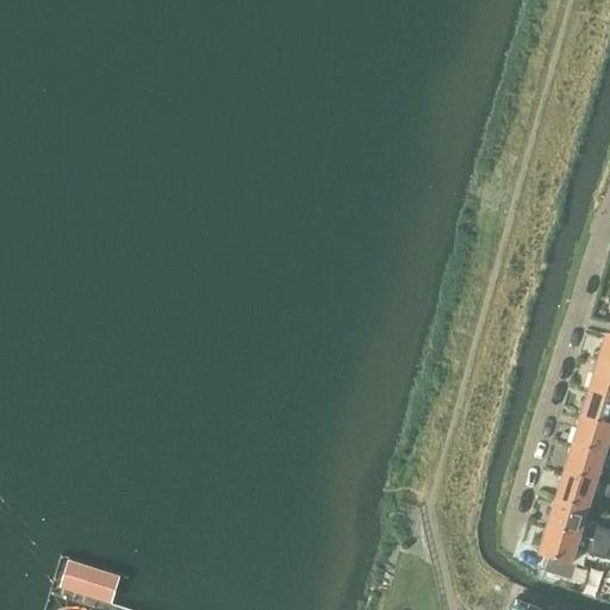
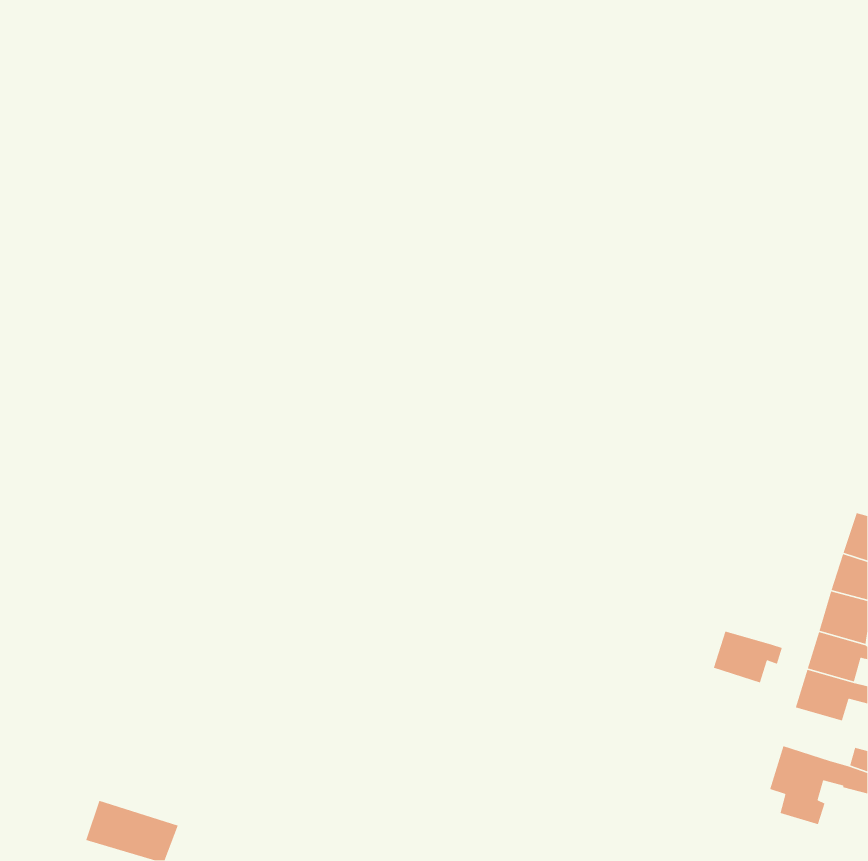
building: [548,496,597,533] -> [713,631,783,683]

